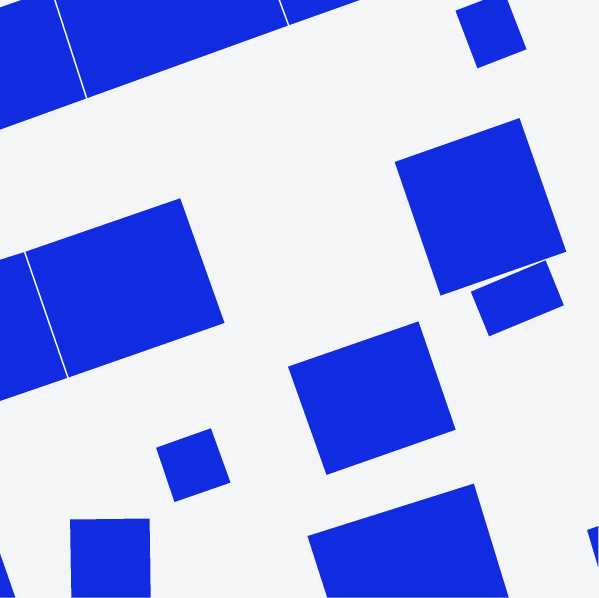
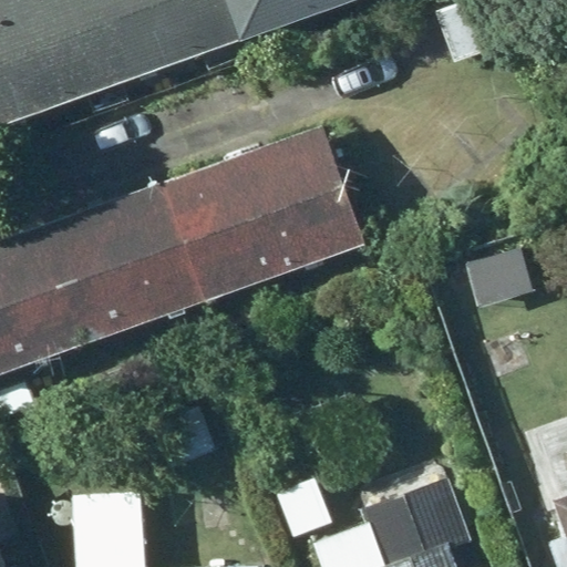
building: [394,117,567,296] -> none
building: none -> [171,135,360,305]
building: [287,321,456,476] -> none

